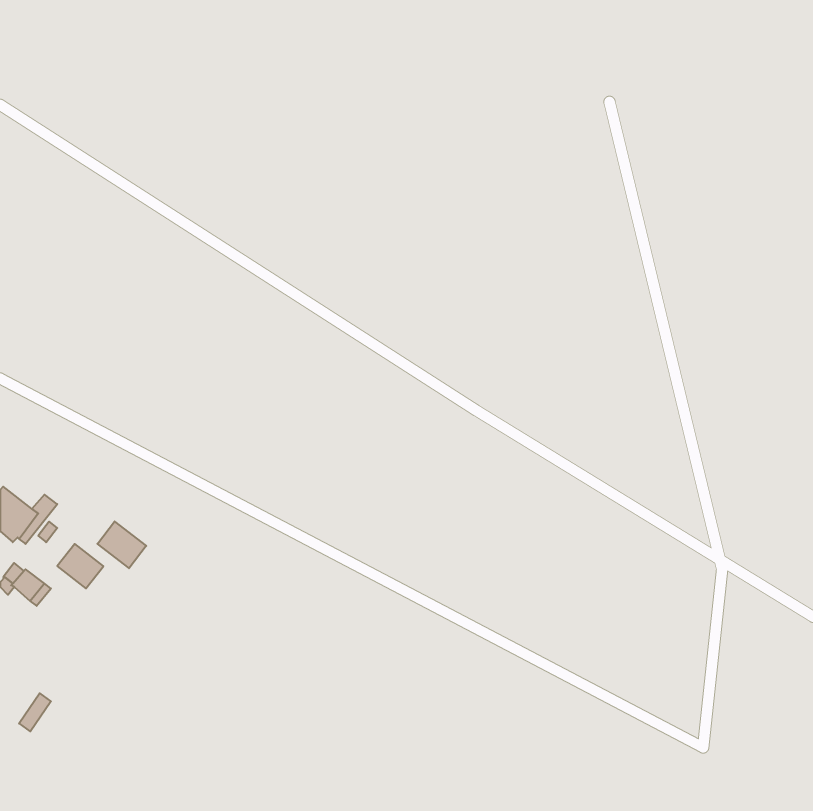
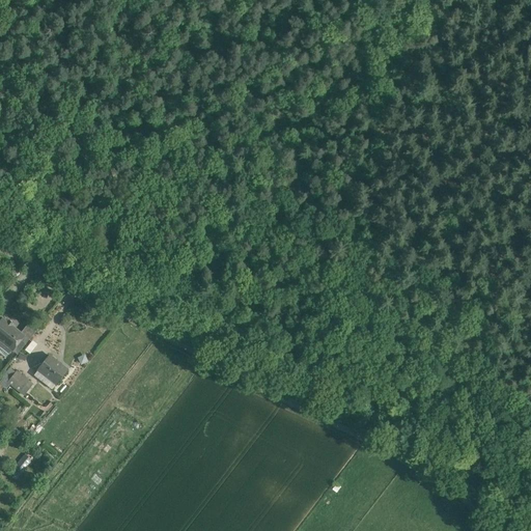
building: [97,521,146,568] -> none

